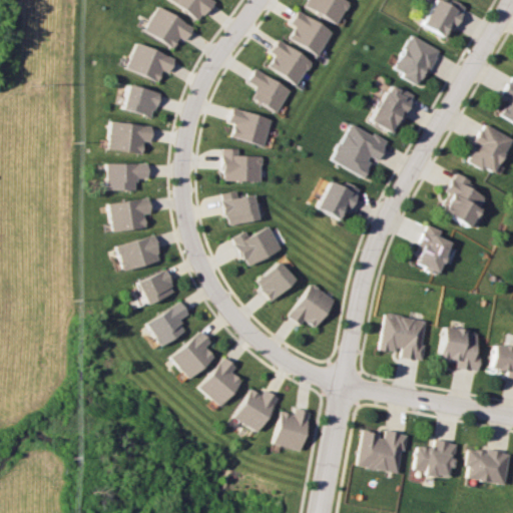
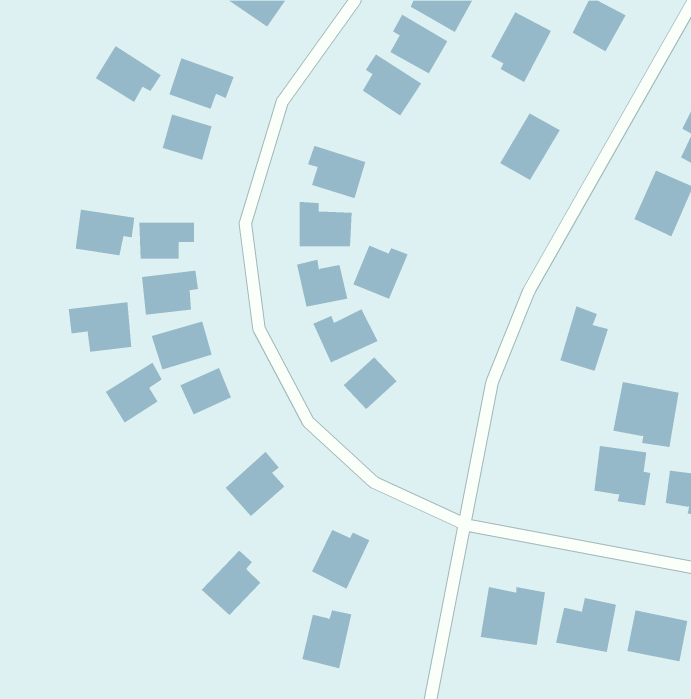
building: [147,6,196,48] -> [95,45,162,103]
building: [397,35,442,87] -> [490,12,552,83]
building: [250,69,294,113] -> none
building: [110,120,154,154] -> [75,209,135,256]
building: [334,123,390,176] -> none
building: [444,173,488,227] -> none
building: [319,180,360,220] -> [352,245,409,299]
building: none -> [68,301,132,353]
building: [291,284,337,328] -> none
building: [147,302,189,347] -> [105,362,163,424]
building: [381,313,430,361] -> [612,382,680,447]
building: [198,358,242,406] -> [201,550,261,616]
building: [274,408,311,451] -> [301,610,352,669]

